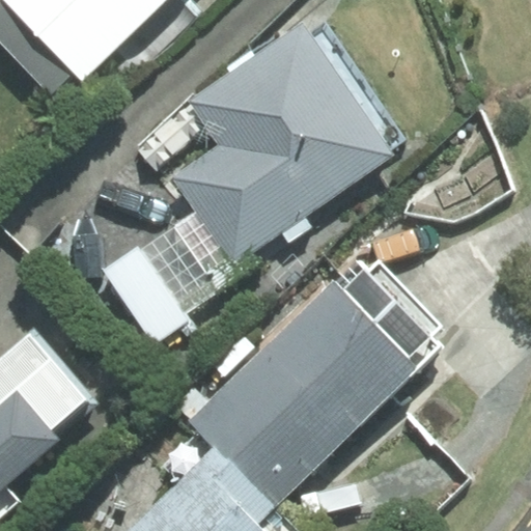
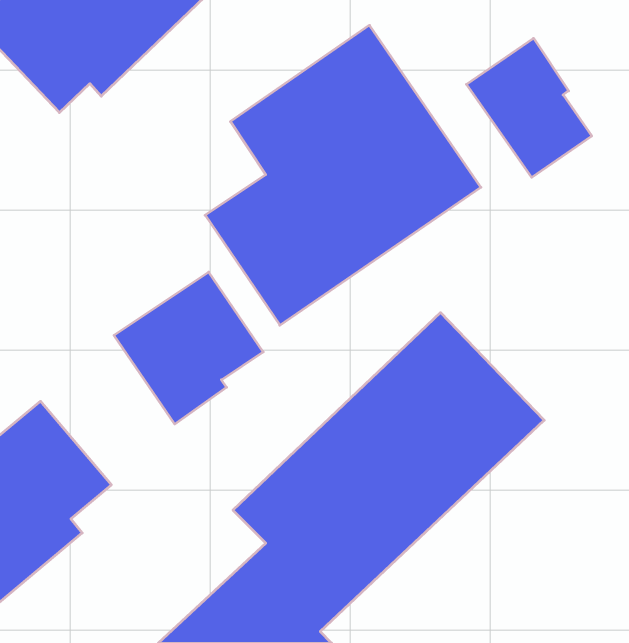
building: none -> [466,38,592,177]

